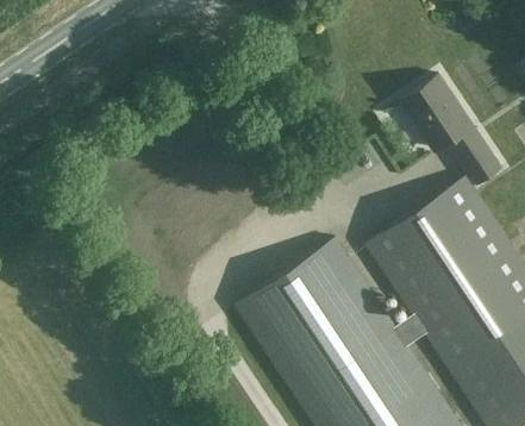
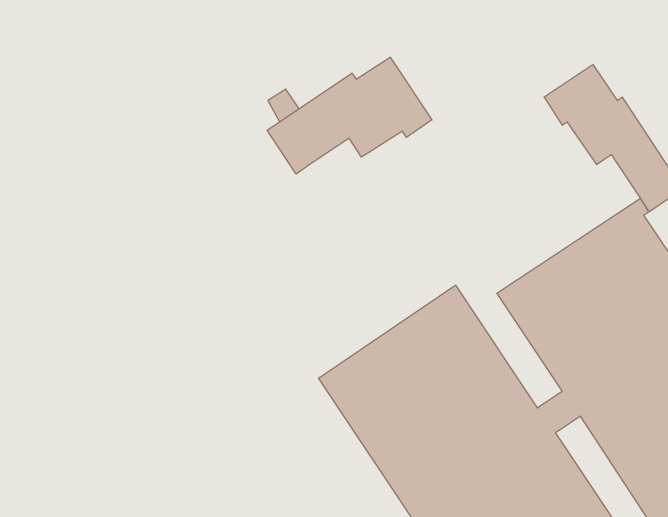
building: none -> [267,57,432,174]

